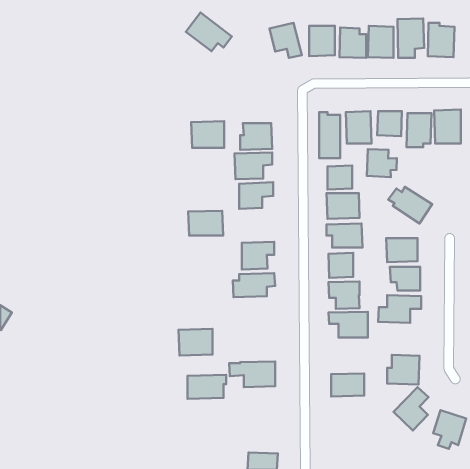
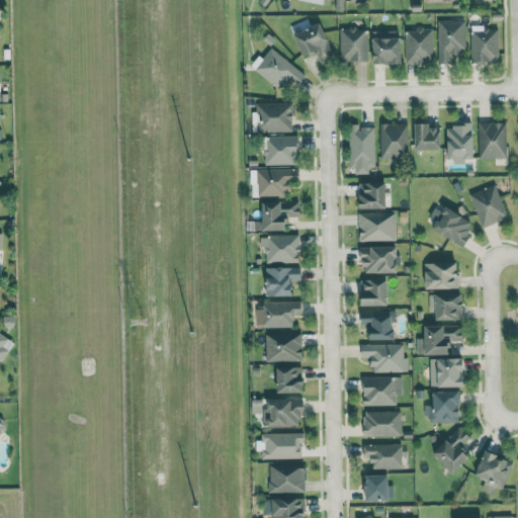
building: [186,13,232,51] -> [255,49,306,91]
building: [191,121,224,148] -> [257,103,293,133]
building: [367,149,397,177] -> none
building: none -> [469,185,508,229]
building: [188,211,223,236] -> [263,236,301,263]
building: none -> [430,358,466,388]
building: [179,329,213,356] -> [265,333,303,362]
building: none -> [277,367,305,394]
building: none -> [363,376,403,407]
building: [188,375,226,399] -> [262,433,305,459]
building: none -> [363,444,402,469]
building: none -> [268,464,306,494]
building: none -> [365,476,390,502]

